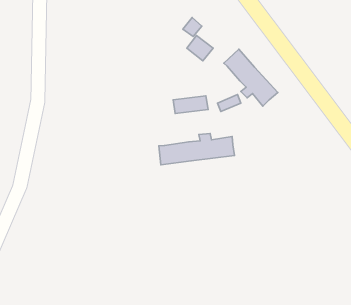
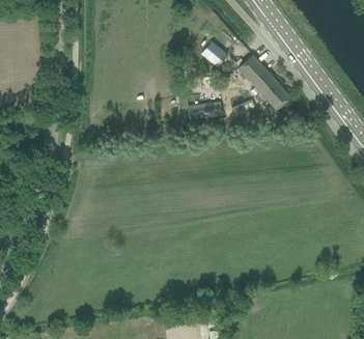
building: [159,134,234,165] -> none

